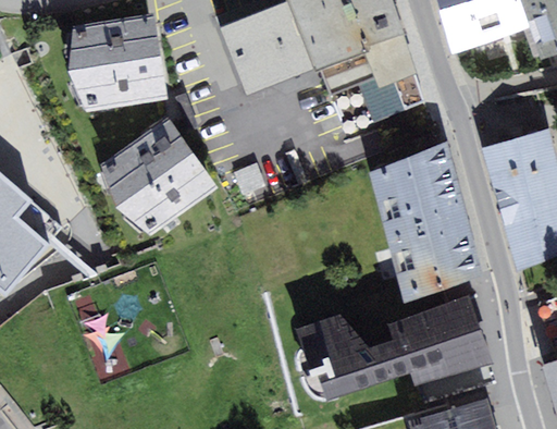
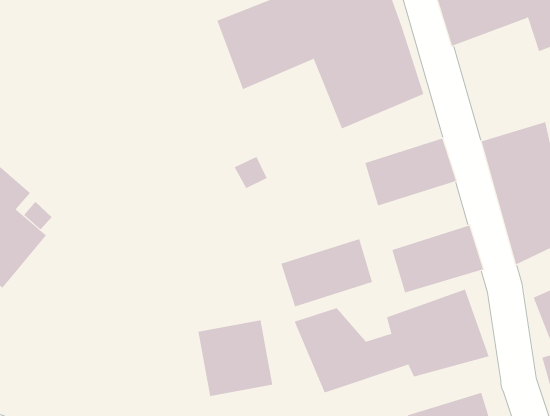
building: [67,14,165,111] -> none
building: [100,118,216,234] -> none
building: [379,188,471,257] -> [280,239,373,307]
building: none -> [198,320,273,397]

